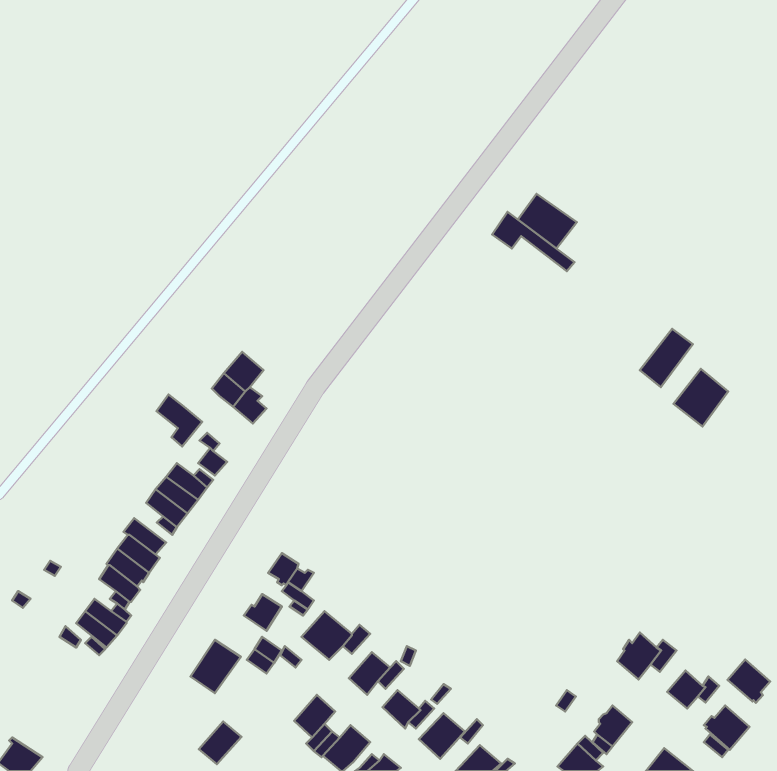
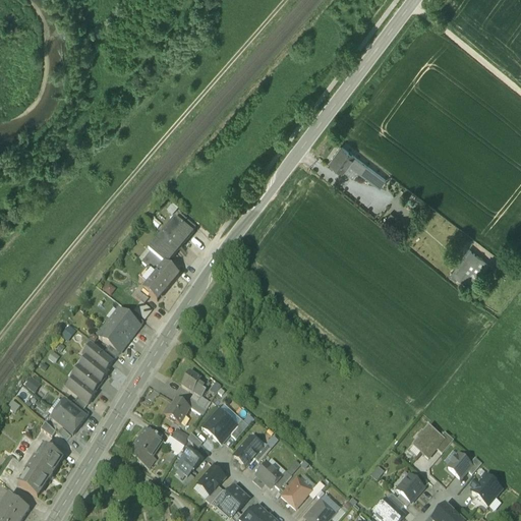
building: [518,194,577,249] -> none
building: none -> [162,213,194,247]
building: [640,329,693,387] -> none
building: [156,395,202,446] -> [138,265,169,299]
building: [727,660,770,703] -> none
building: none -> [17,443,62,495]
building: [199,722,241,764] -> [174,446,202,474]

